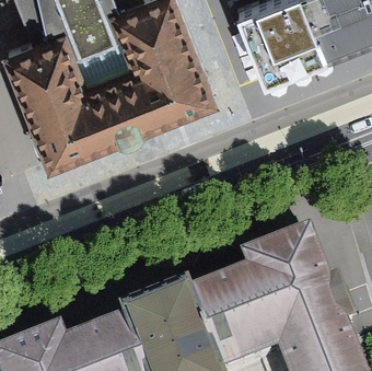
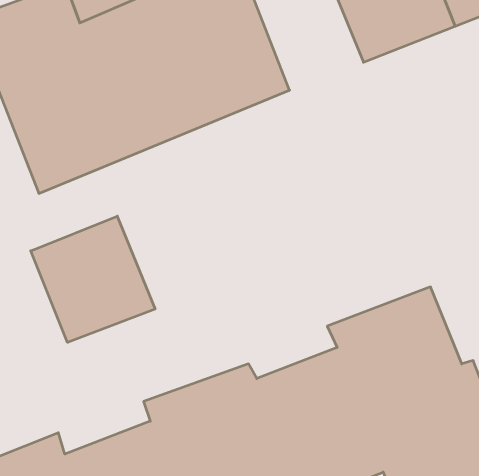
building: none -> [31,216,155,342]

